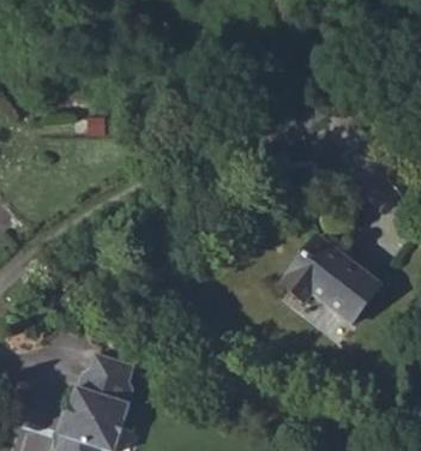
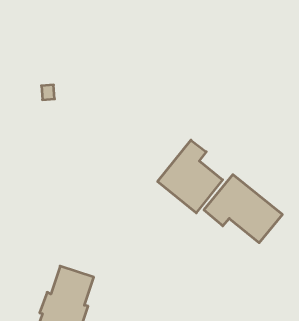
building: none -> [158,140,223,213]

